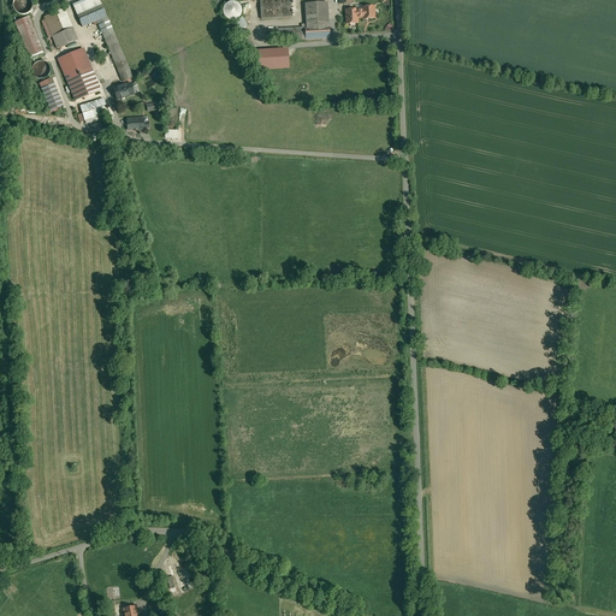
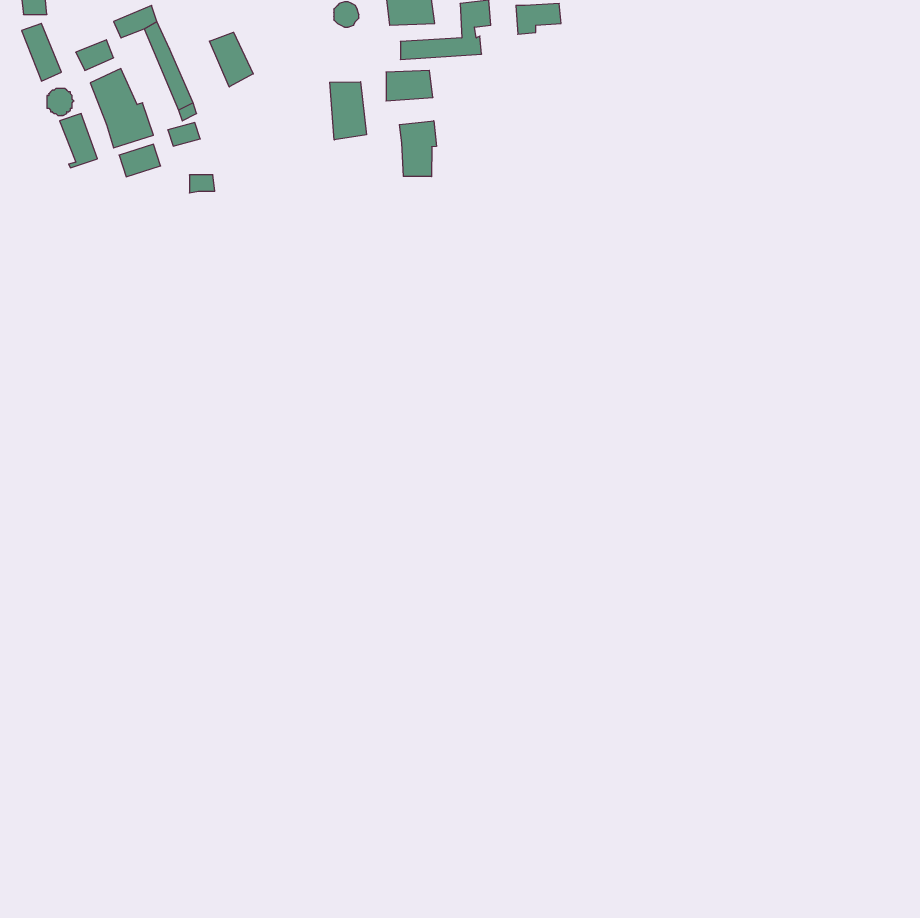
building: none -> [209,32,253,87]
building: none -> [330,82,366,140]
building: none -> [399,121,436,177]

